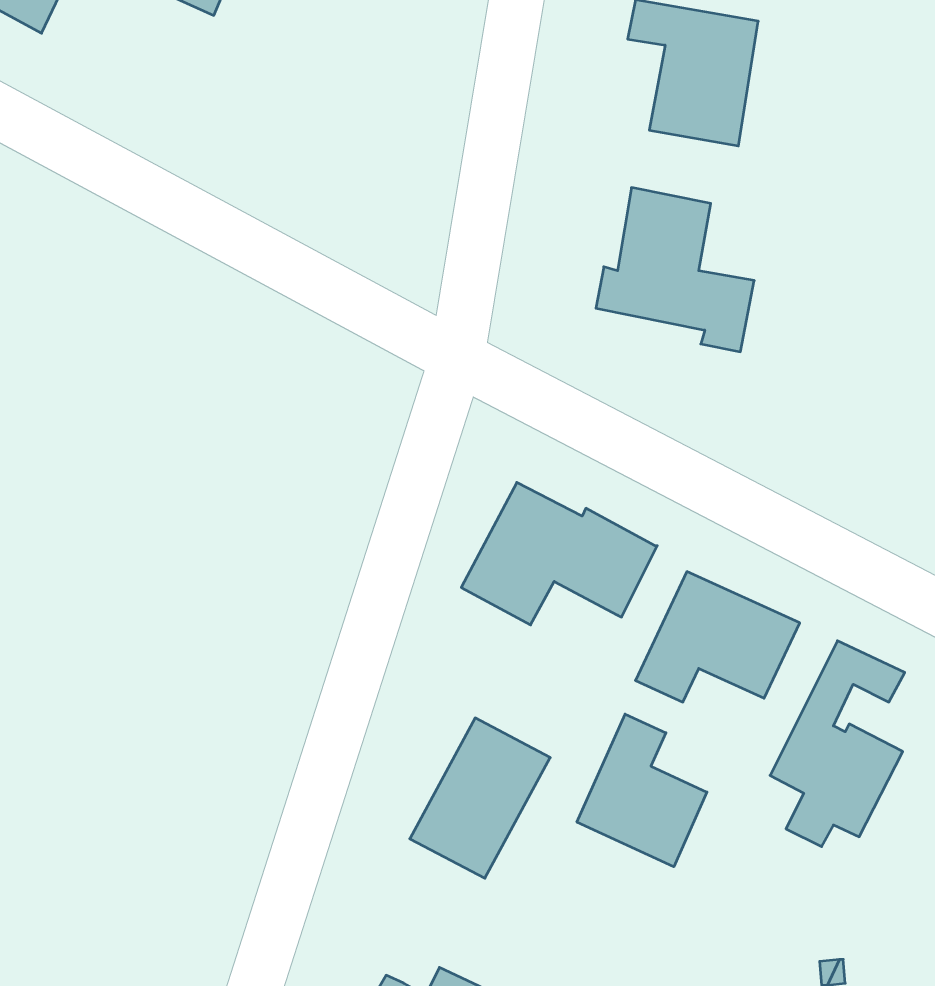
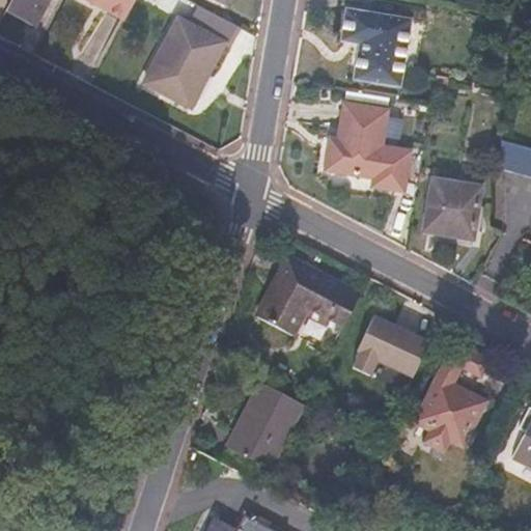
building: none -> [145,12,241,107]
building: none -> [423,179,479,237]
building: [577,714,707,867] -> none

